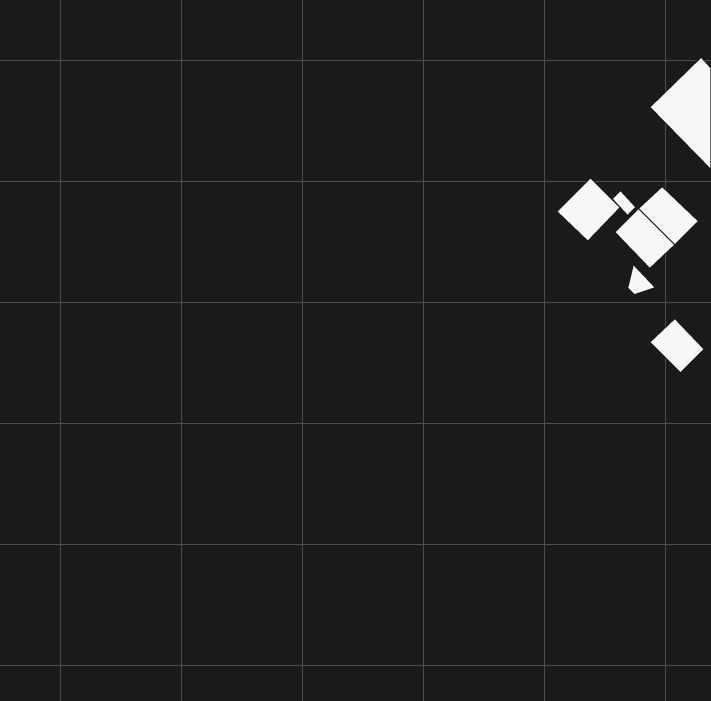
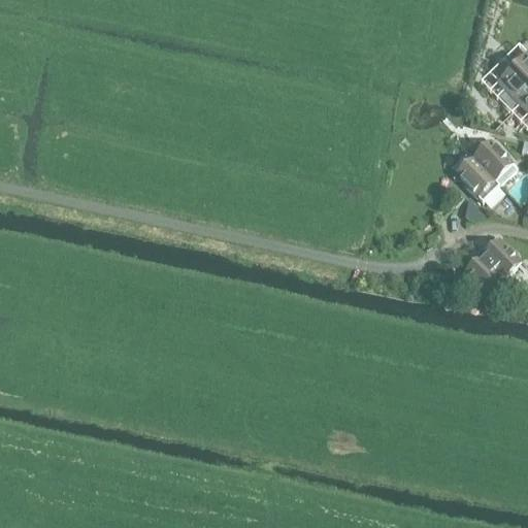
building: [557,178,620,241] -> none
building: none -> [464,254,504,294]

